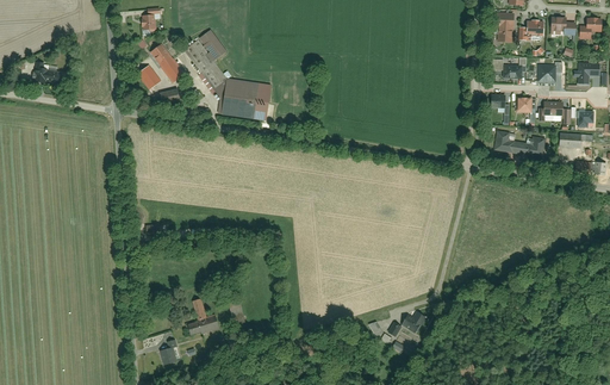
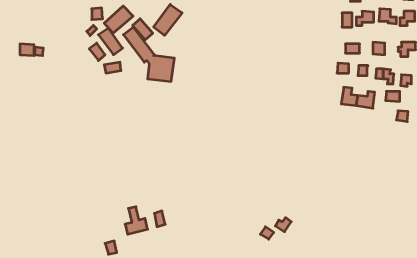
building: none -> [154,4,182,35]
building: none -> [104,6,133,33]

